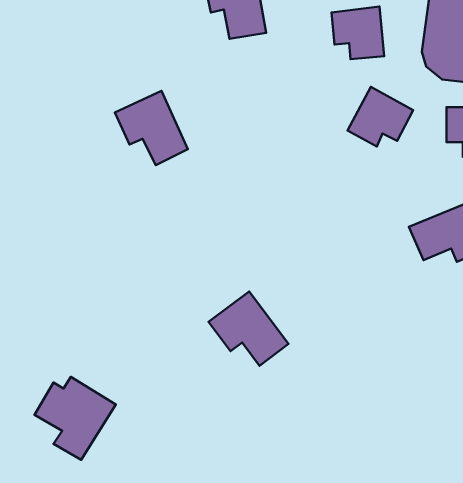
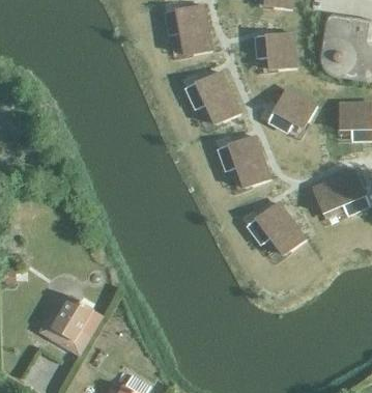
building: [115,91,188,165] -> [187,71,238,123]
building: none -> [219,135,268,187]
building: [209,291,289,366] -> [248,201,305,254]

